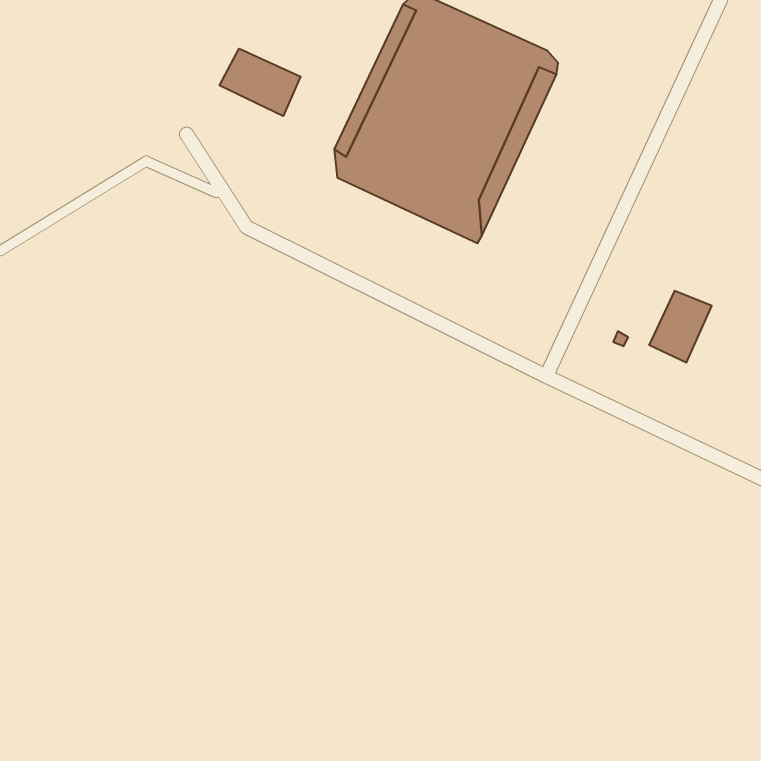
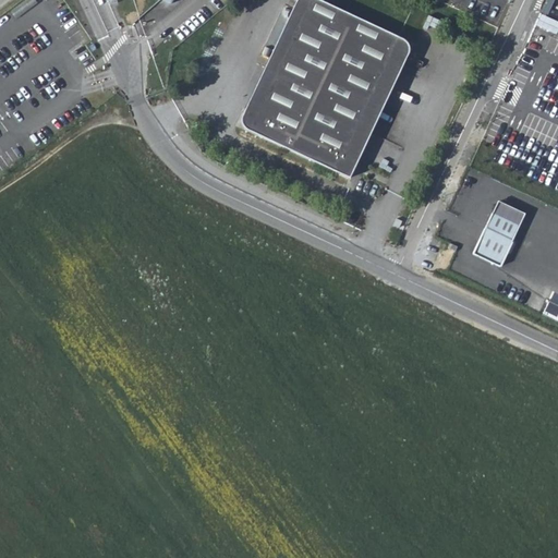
building: [220,49,301,116] -> none
building: none -> [494,198,526,223]

